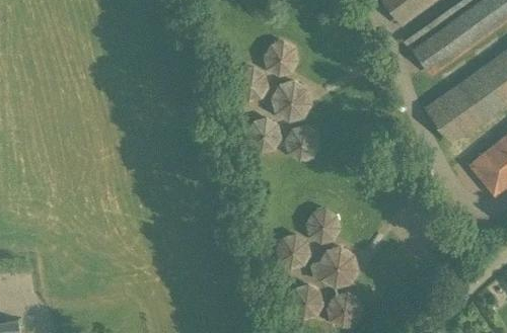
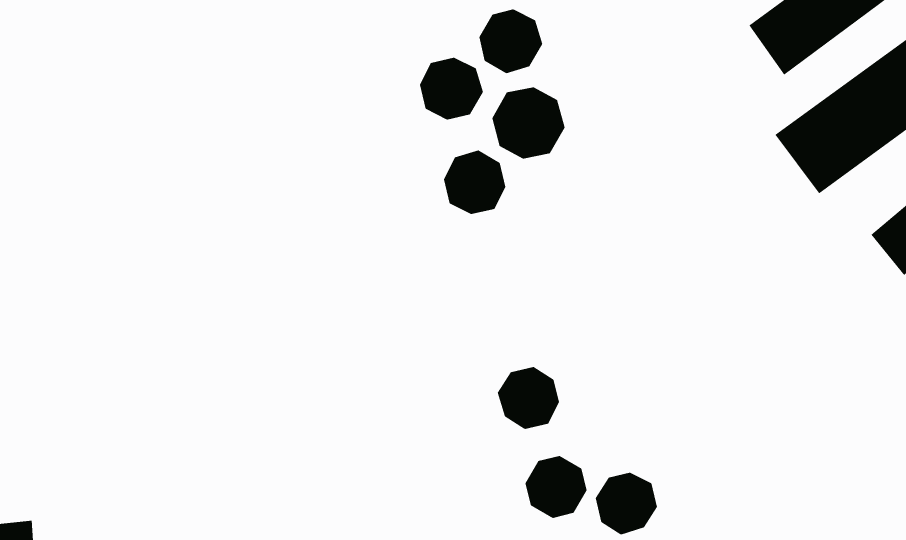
building: [285,126,319,161] -> none
building: [306,209,341,243] -> none
building: [311,248,358,287] -> none

